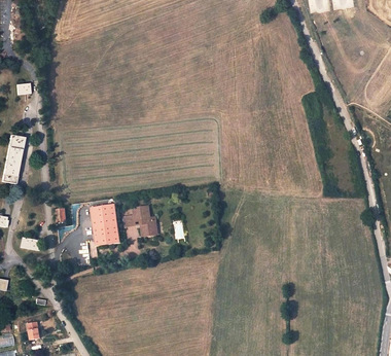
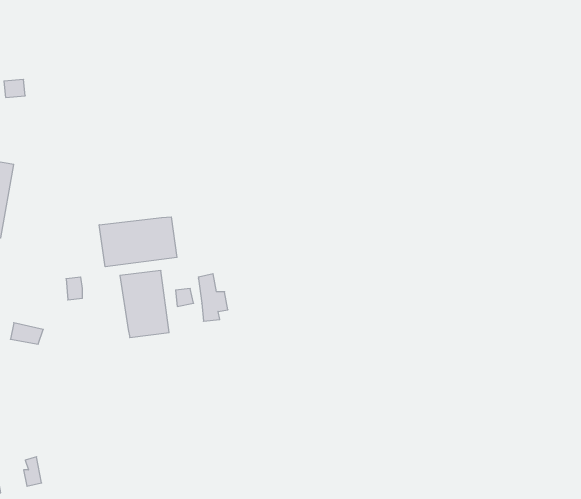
building: none -> [99,217,177,267]

